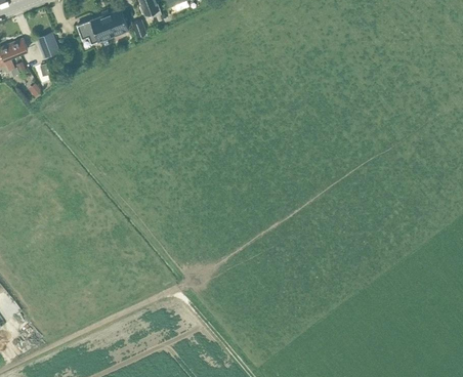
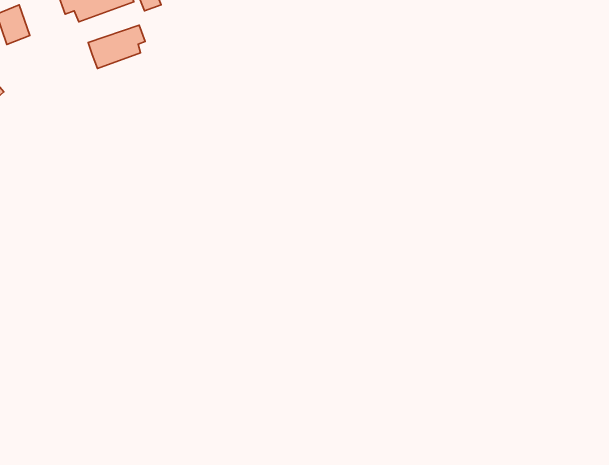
building: none -> [88,25,145,68]

